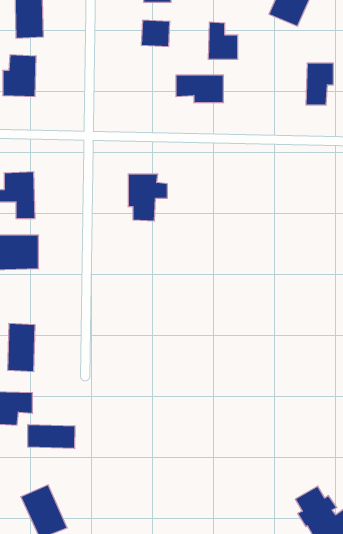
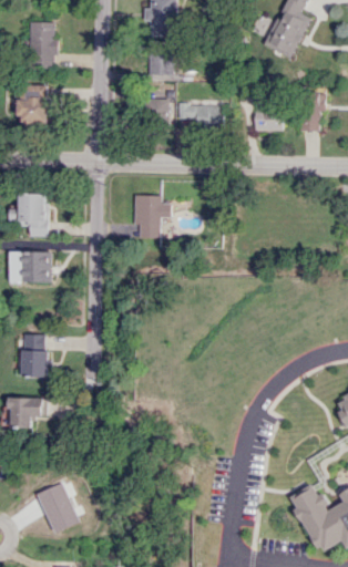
building: [208,22,238,59] -> [254,96,282,131]
building: none -> [141,101,171,124]
building: [28,424,75,449] -> none

